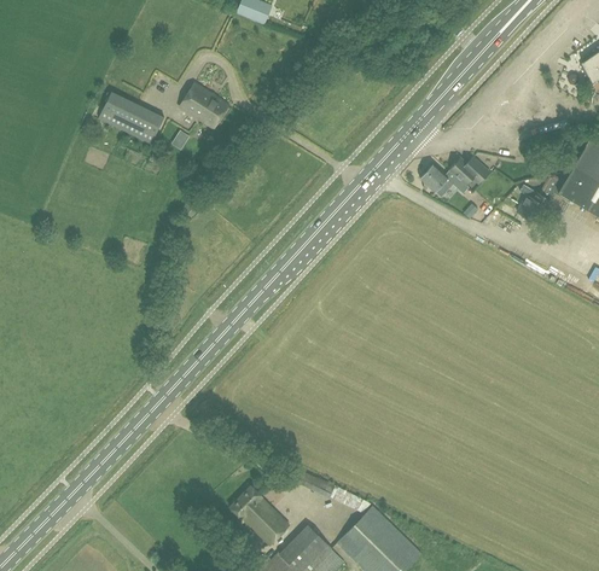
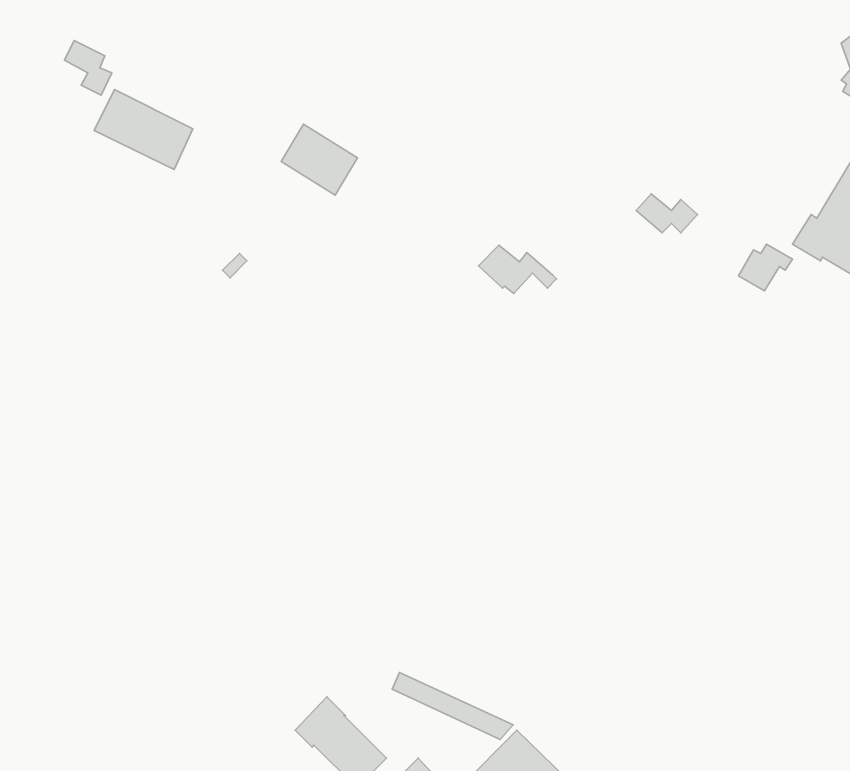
building: none -> [65,40,112,95]
building: [180,82,229,128] -> [281,124,358,195]
building: [419,164,470,196] -> [478,245,557,294]

